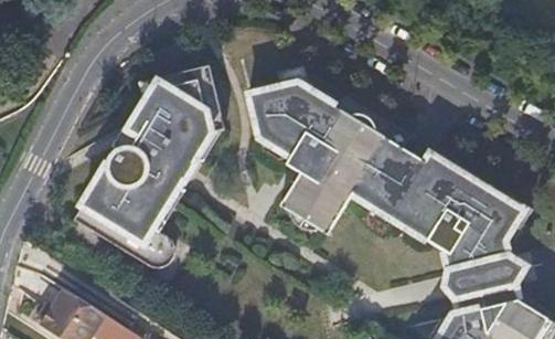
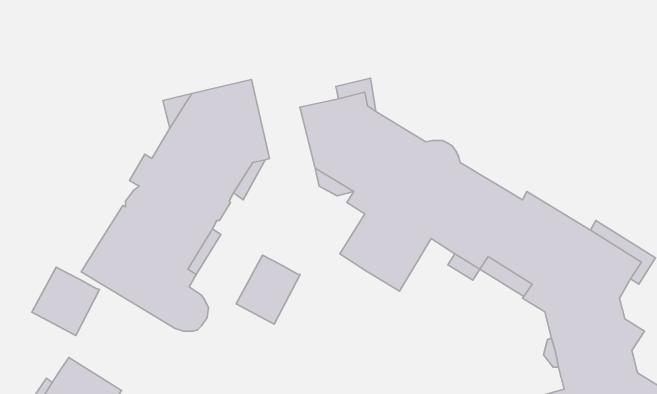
building: none -> [236,255,300,324]
building: none -> [32,267,100,335]

